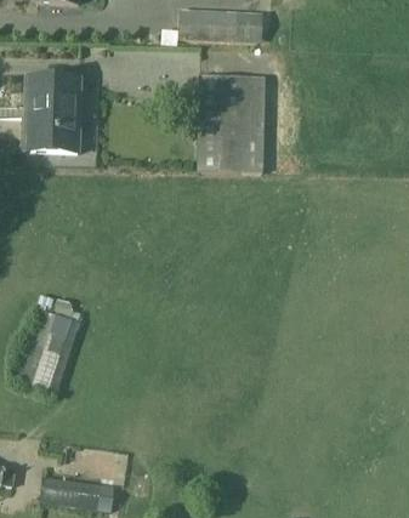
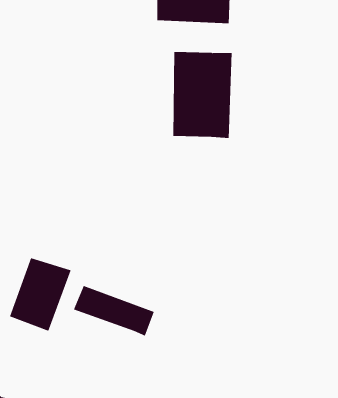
building: [25,75,78,152] -> none
building: none -> [73,285,155,336]

